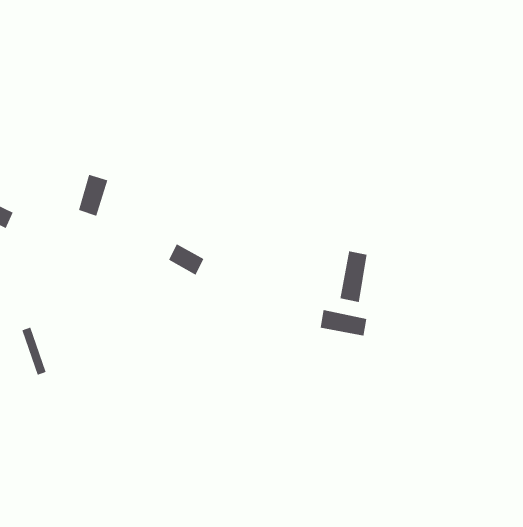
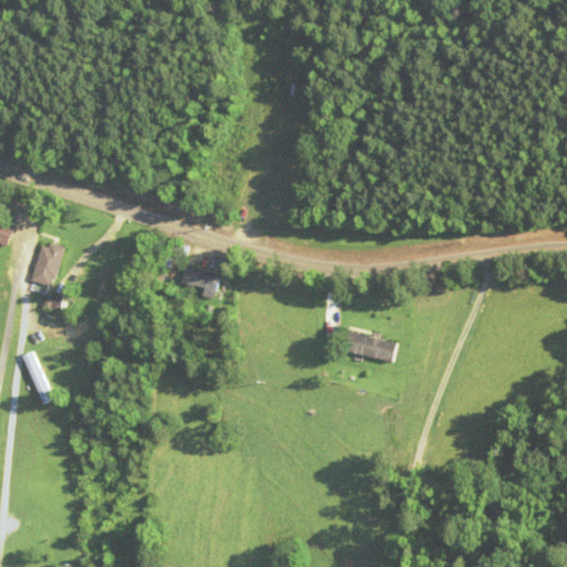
building: [78,174,108,216] -> [32,240,64,286]
building: [340,250,367,303] -> none

